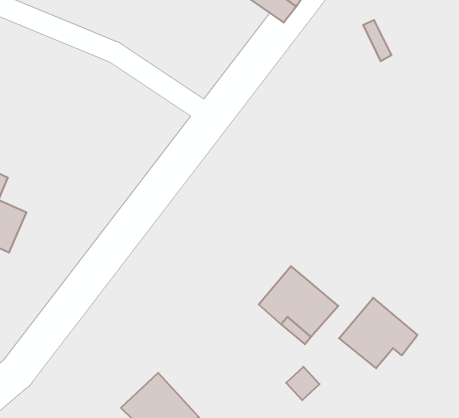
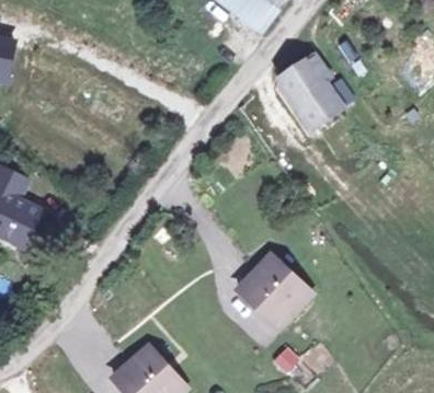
building: none -> [281,58,338,116]
building: [339,298,417,368] -> none

